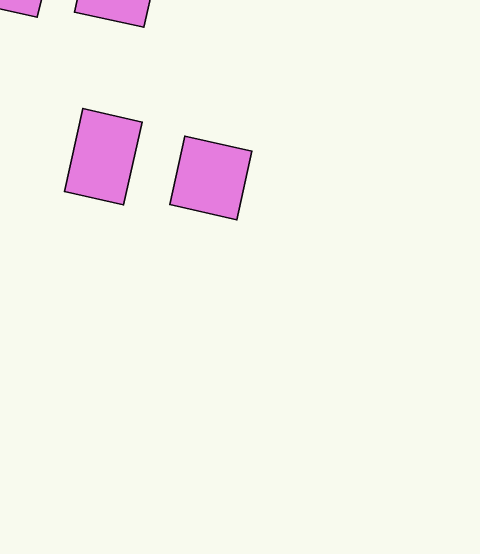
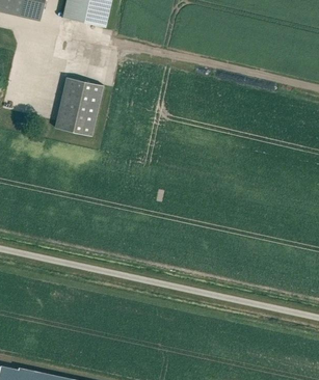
building: [170,136,252,220] -> none

